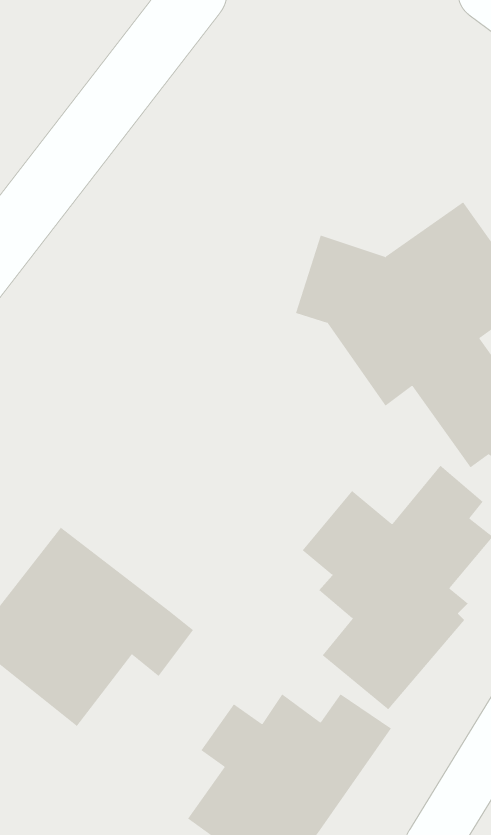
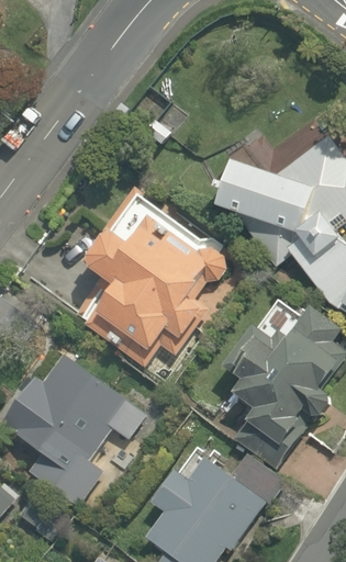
building: none -> [83,192,236,361]

